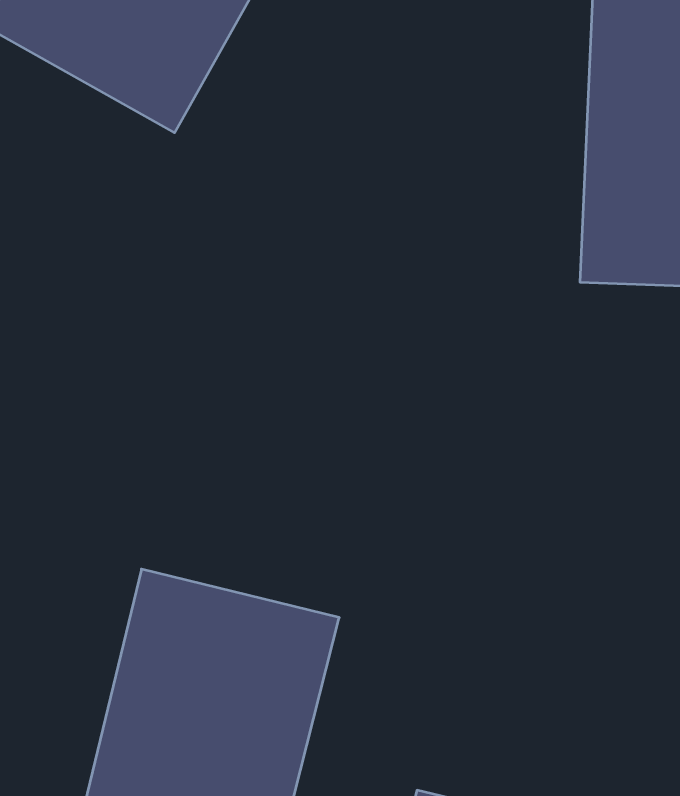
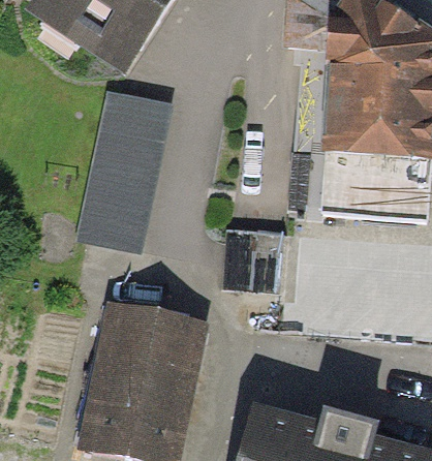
building: none -> [75,93,168,242]

